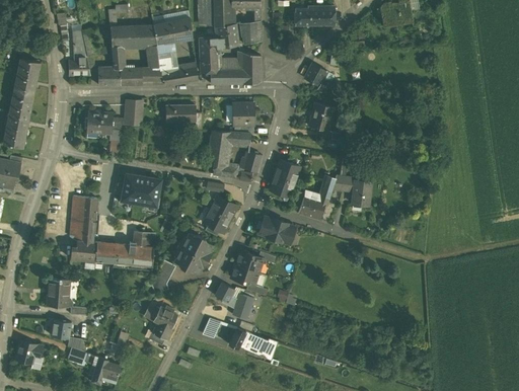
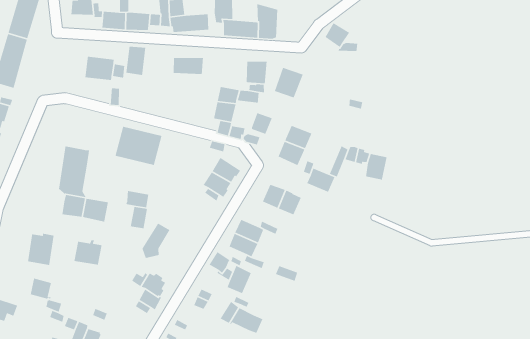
building: [308,102,335,131] -> [274,67,304,99]
building: [174,233,213,275] -> none
building: [116,242,141,265] -> [74,240,102,266]

